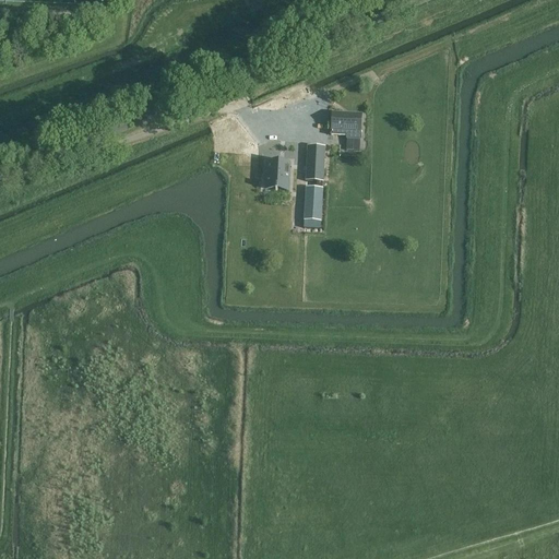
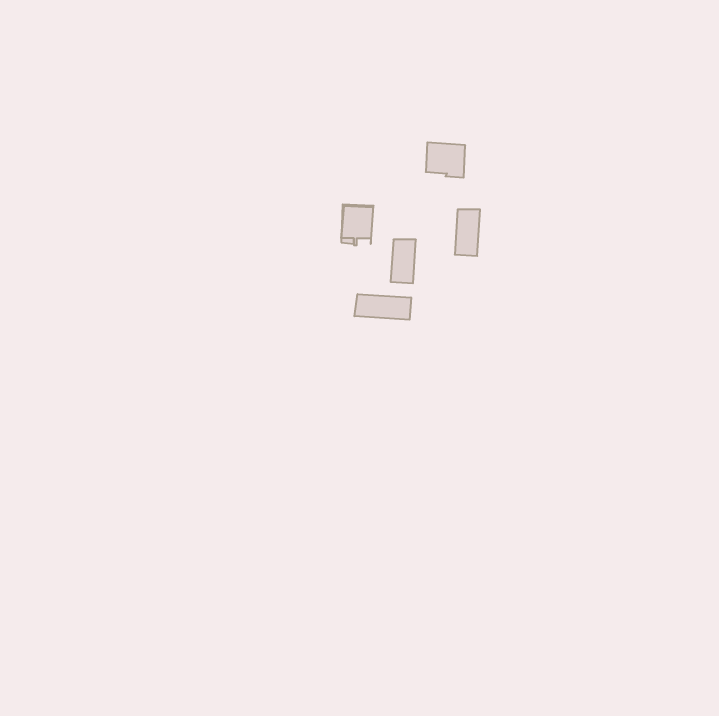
building: [305,144,324,180] -> [455,209,480,256]
building: none -> [354,294,411,320]

